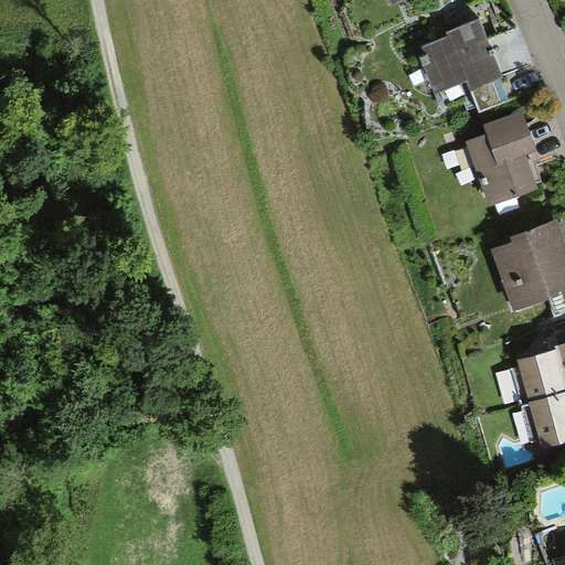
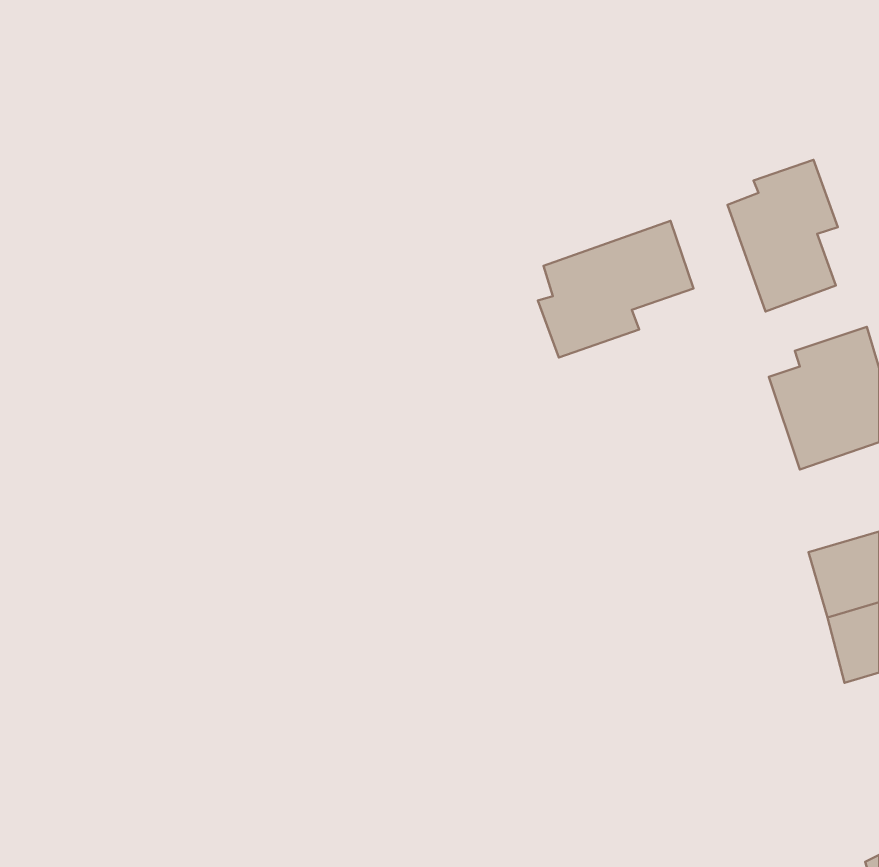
building: [417,32,498,98] -> none
building: none -> [538,221,694,358]

